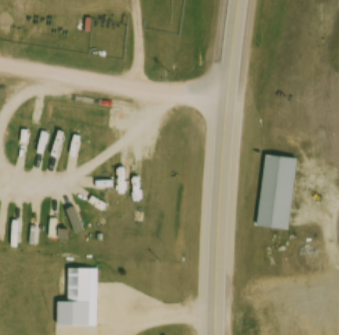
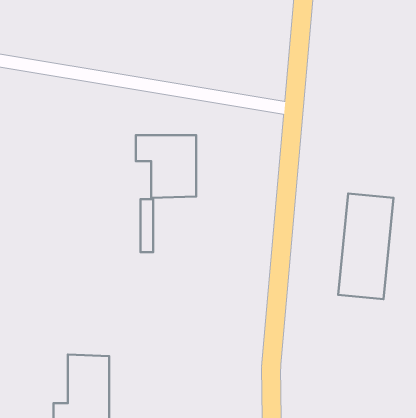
building: none -> [136,135,196,198]

